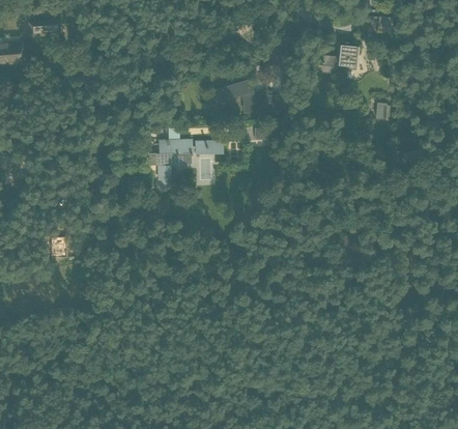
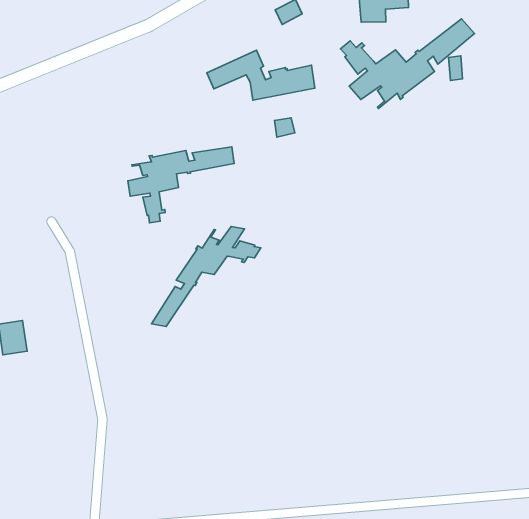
building: none -> [340,19,475,108]
building: none -> [151,226,261,327]

